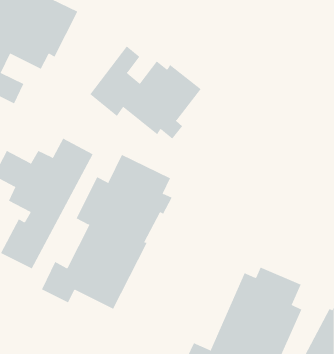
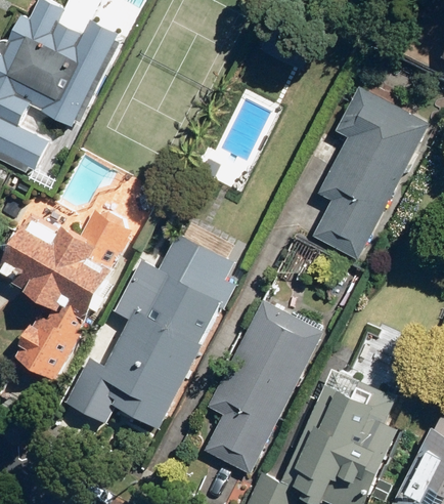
building: none -> [310,87,429,261]
building: [89,45,201,140] -> none
building: none -> [205,298,324,473]

